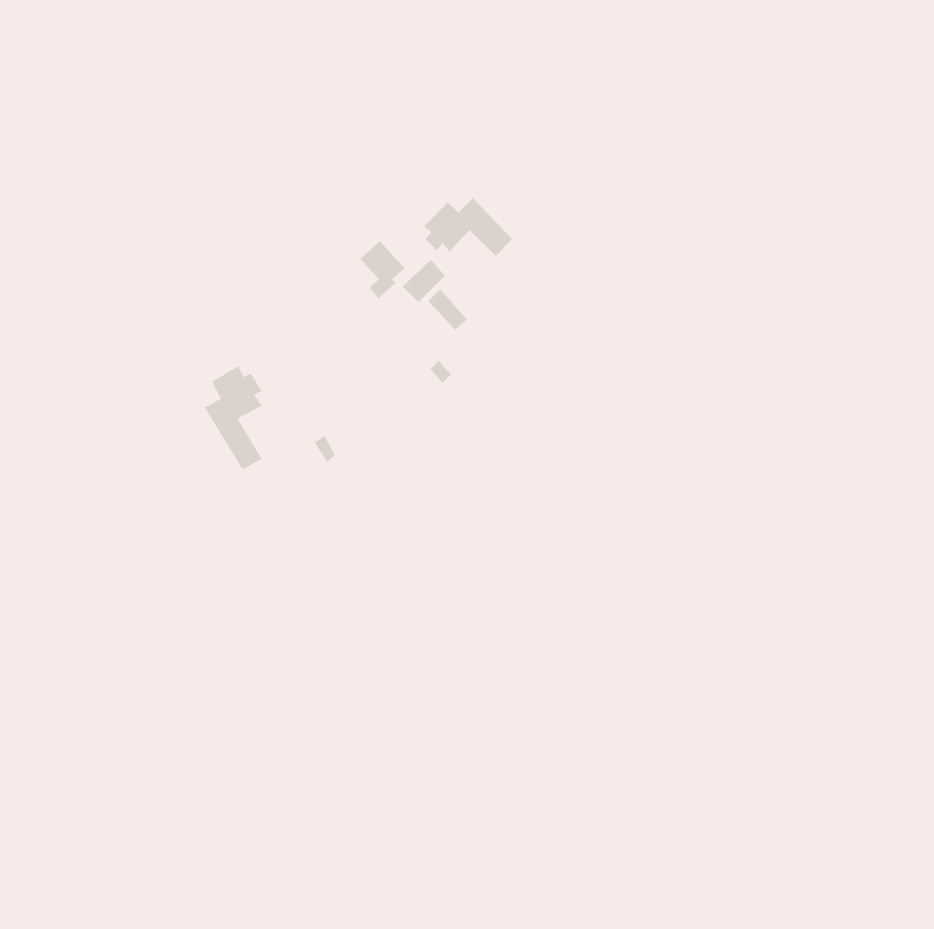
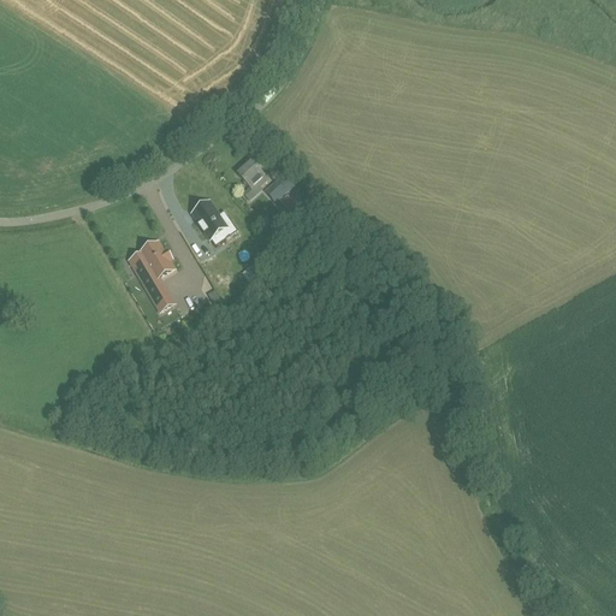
building: [423,197,513,257] -> none
building: none -> [191,199,231,243]

